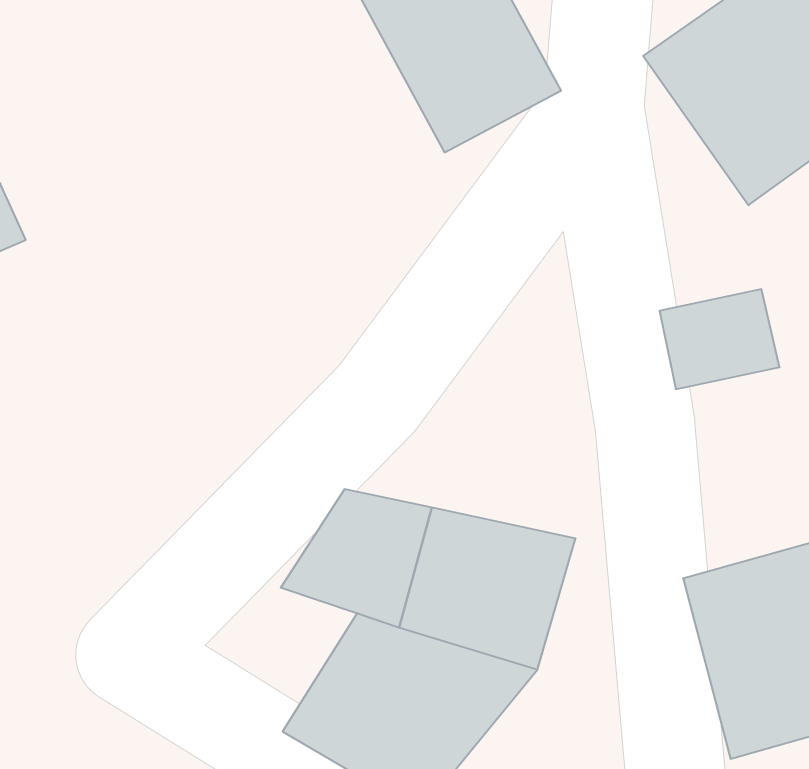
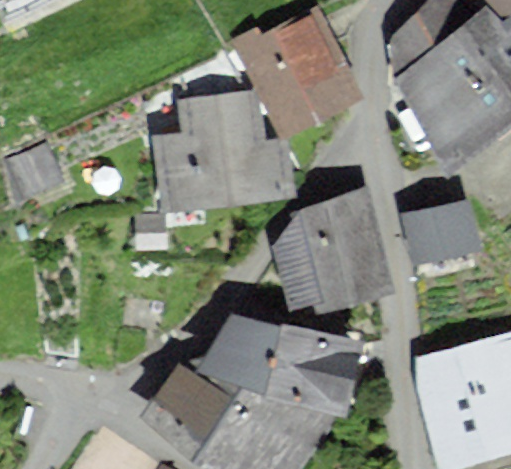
building: none -> [156,94,279,212]
building: none -> [279,197,385,304]
building: none -> [144,365,240,447]

